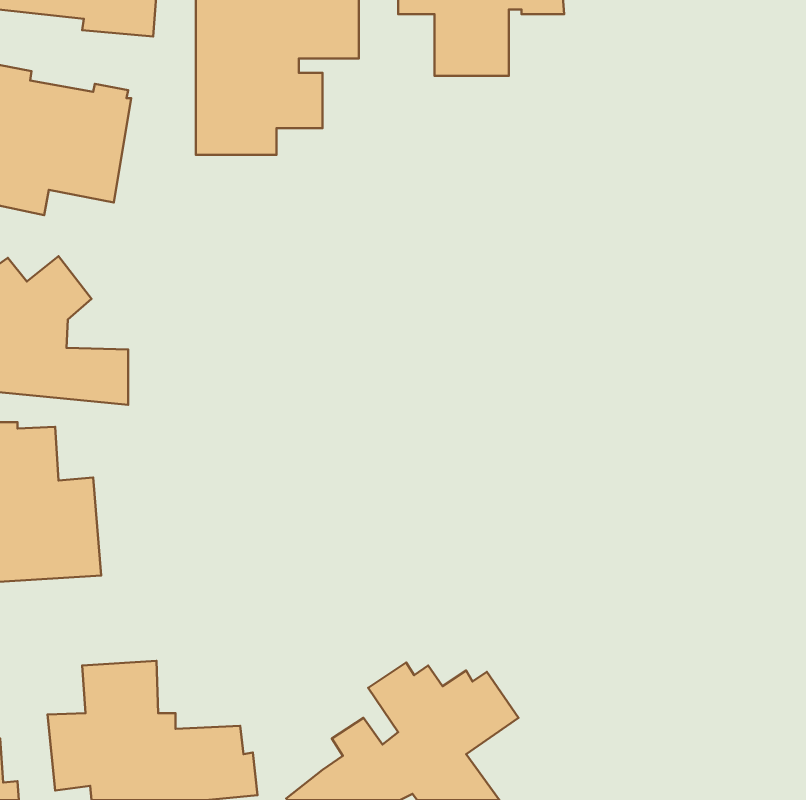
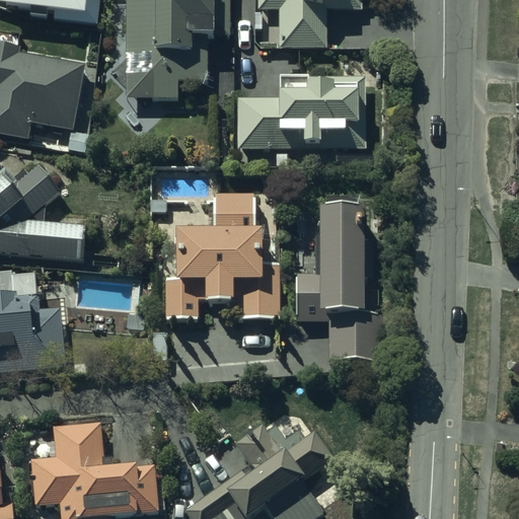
building: none -> [237,75,365,151]
building: none -> [163,193,280,321]
building: none -> [295,197,386,362]

